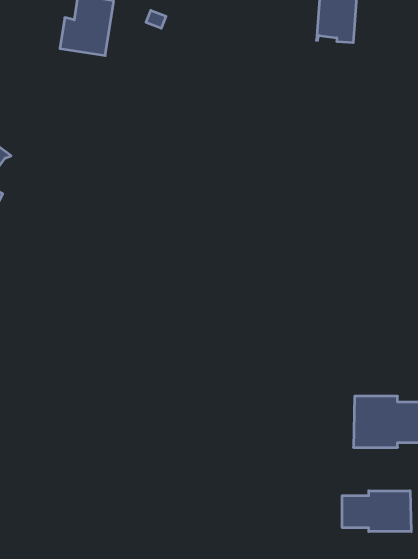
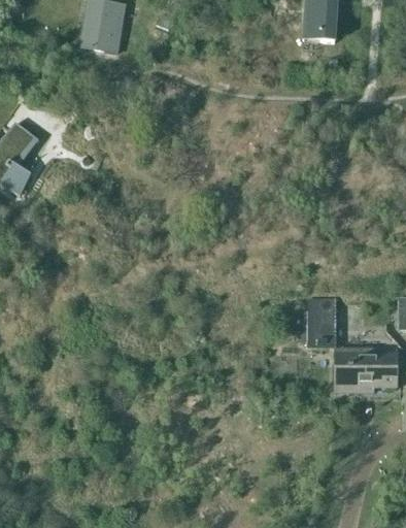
building: none -> [307,296,335,348]
building: [342,491,411,532] -> none

